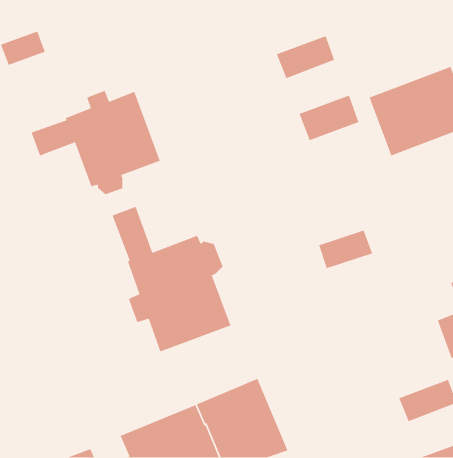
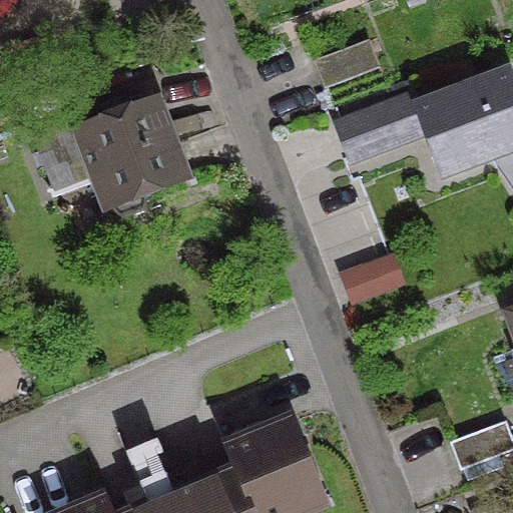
building: [112,206,231,353] -> none

